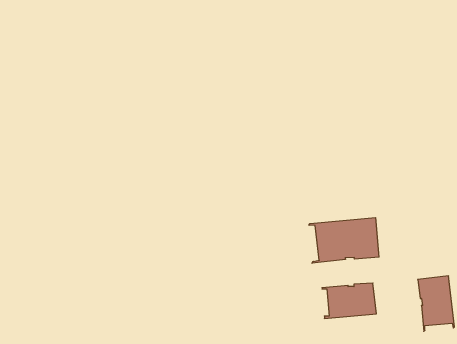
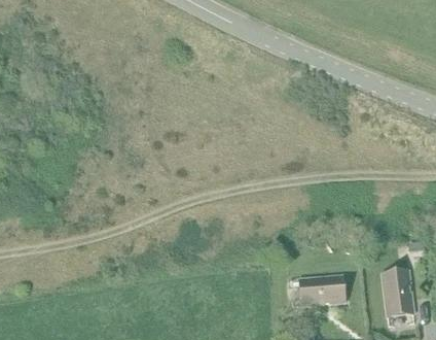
building: [309,218,379,263] -> none

